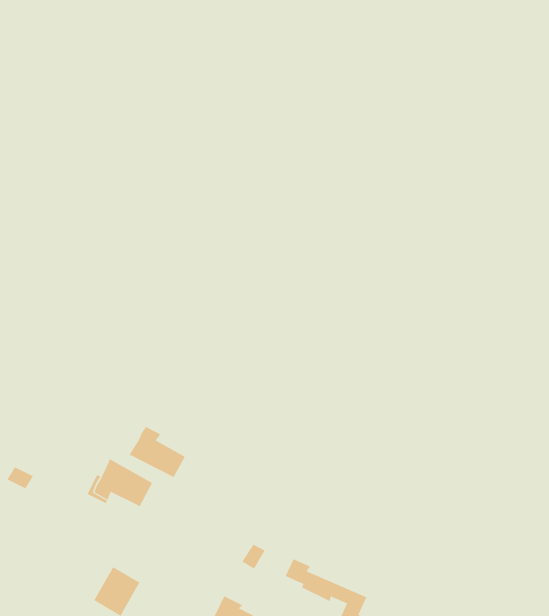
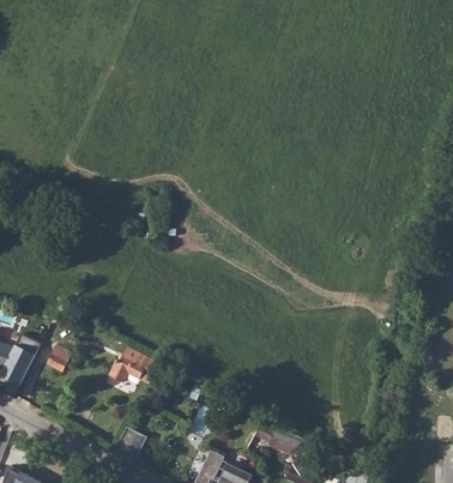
building: [129,426,185,478] -> none

